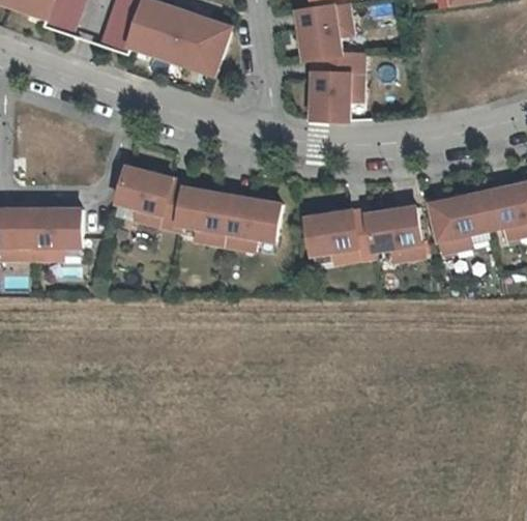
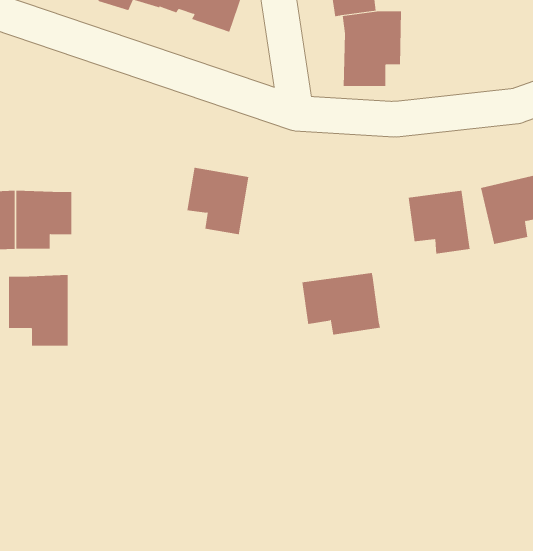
building: [116,167,184,230] -> none
building: [223,196,279,251] -> none
building: [305,209,374,263] -> [301,273,381,335]
building: none -> [9,274,68,347]

